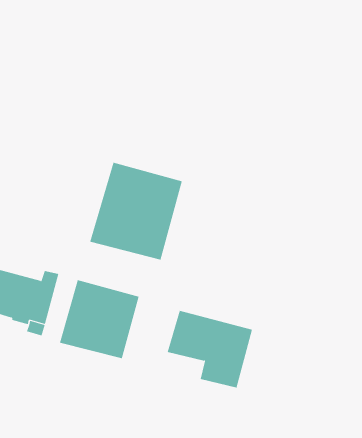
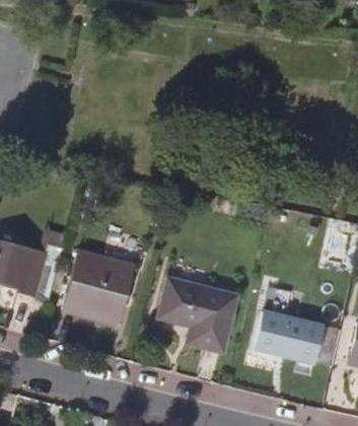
building: [89,162,183,261] -> none
building: none -> [254,311,323,362]

